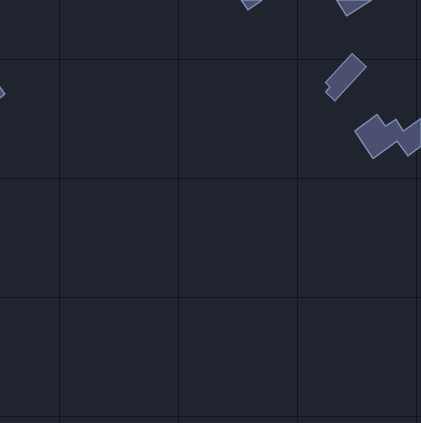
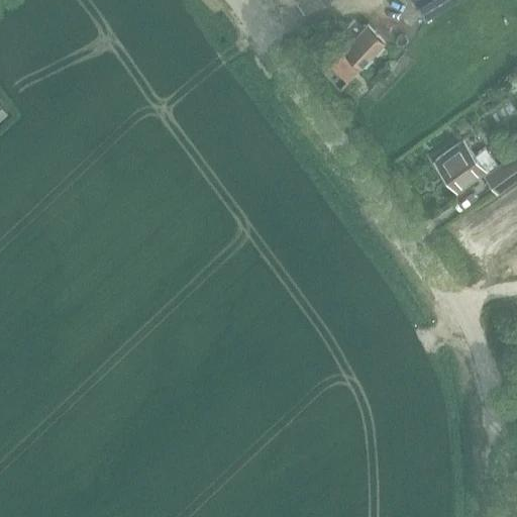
building: [326,54,366,101] -> [333,25,383,83]

